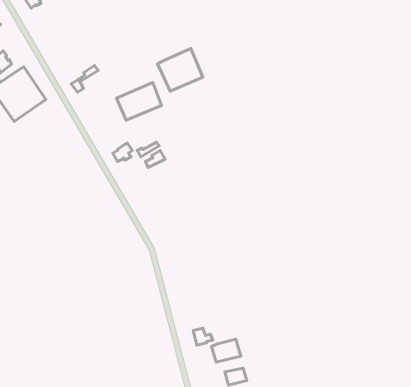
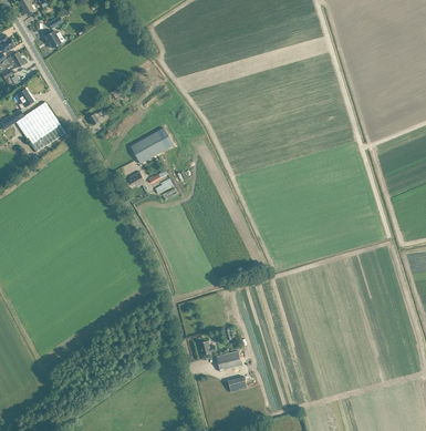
building: [157,49,203,91] -> none

